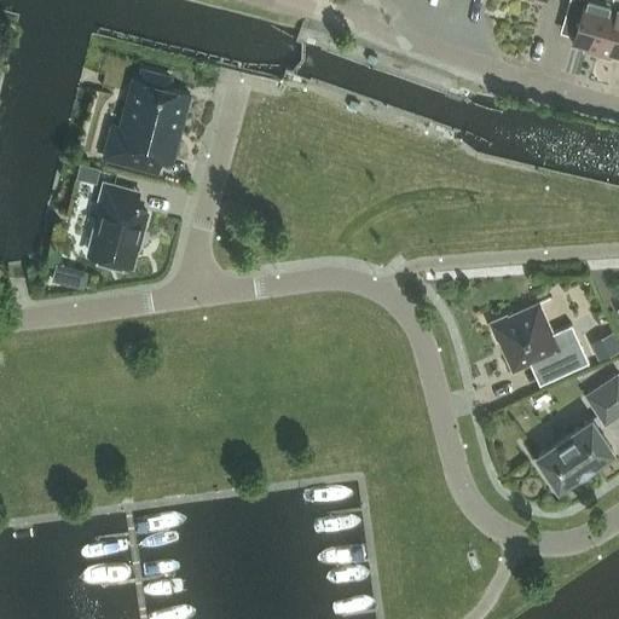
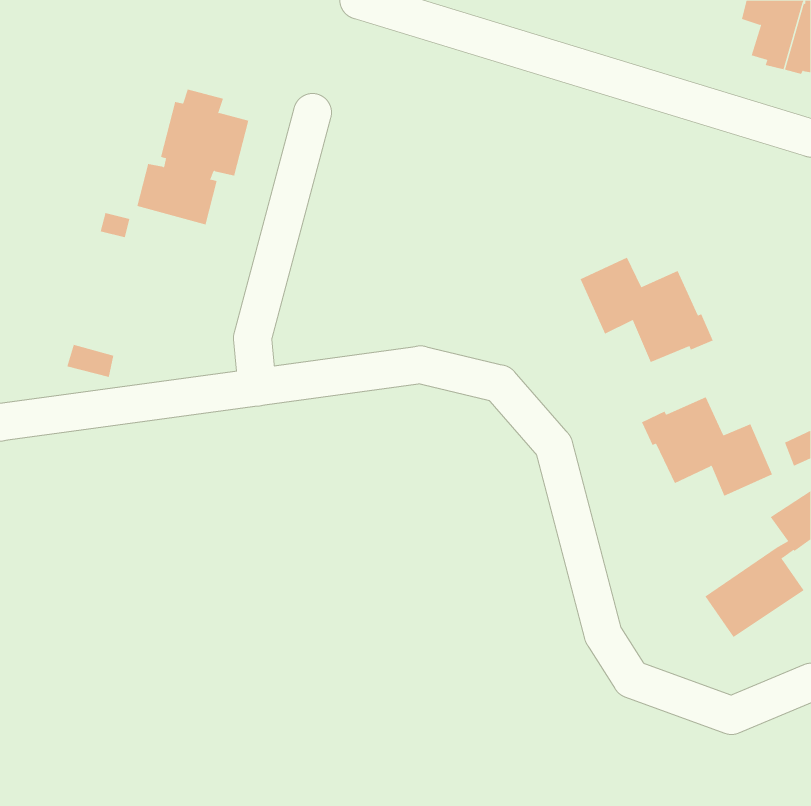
building: [91,185,147,267] -> none
building: none -> [580,257,713,363]

